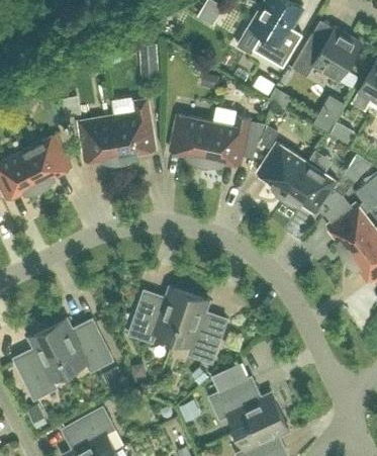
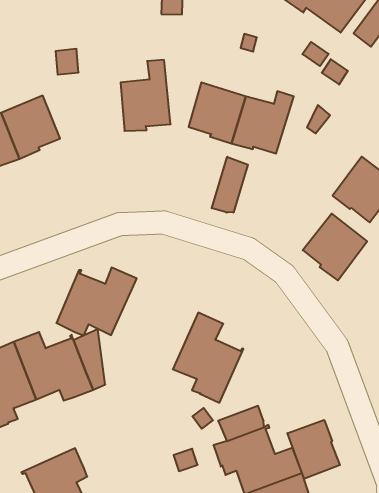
building: [79,120,120,162] -> none
building: [257,144,306,195] -> [303,214,367,280]
building: none -> [212,157,248,213]
building: [129,287,189,342] -> [56,267,137,335]
building: none -> [287,420,340,479]

